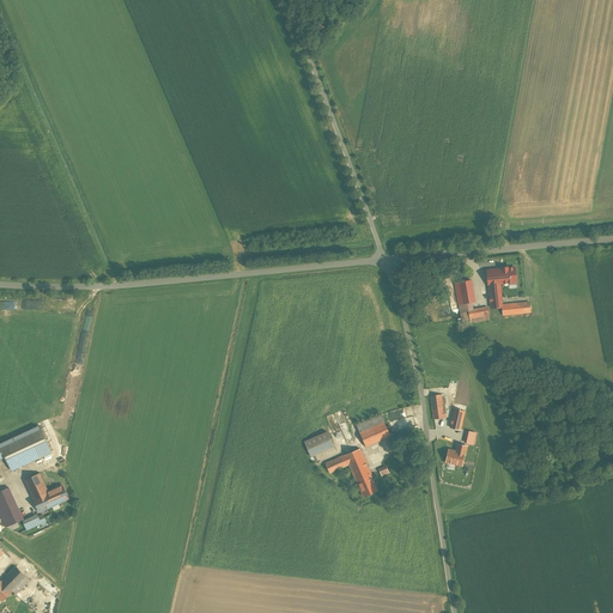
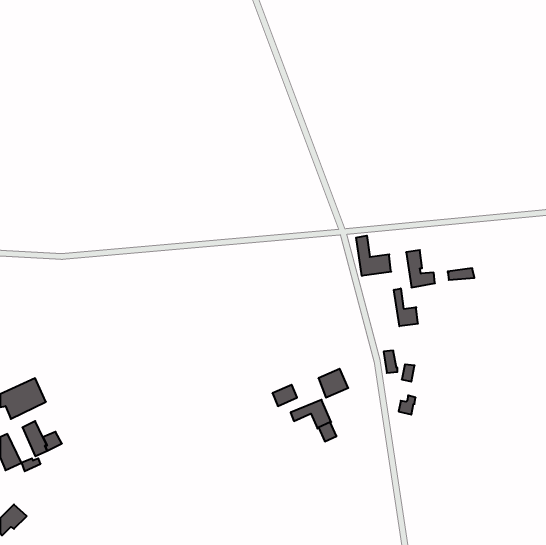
building: none -> [356,236,391,276]
building: [487,266,516,306] -> none
building: none -> [394,288,418,326]

